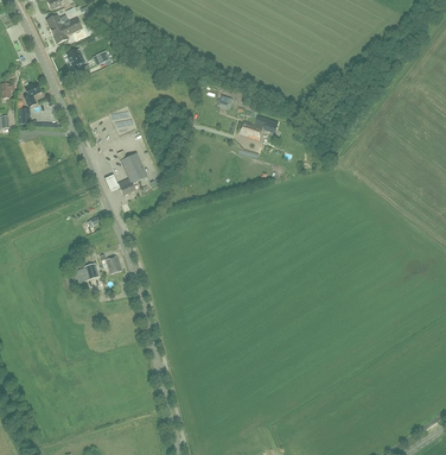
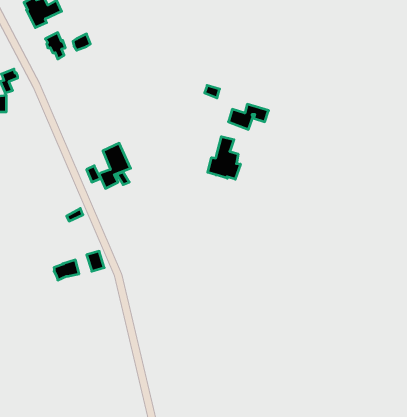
building: none -> [208,137,240,179]

